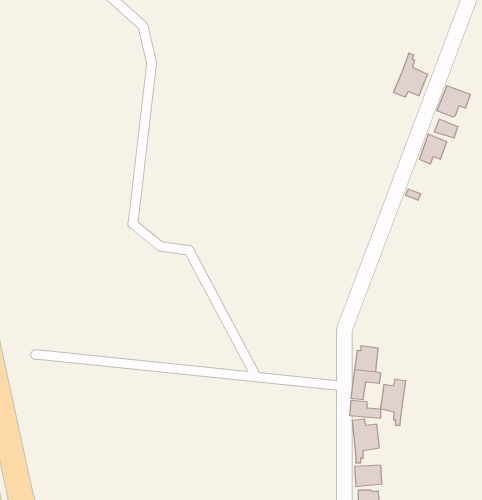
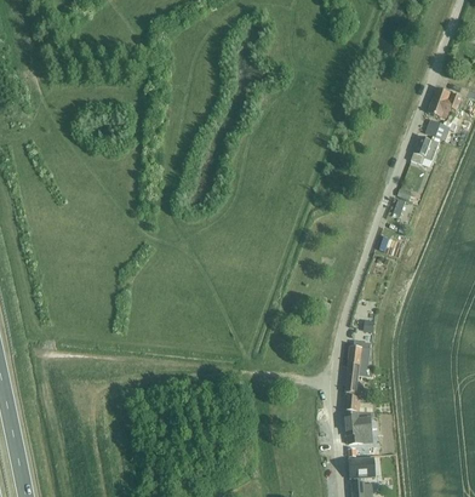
building: [394,53,428,97] -> none
building: [381,379,405,425] -> none

